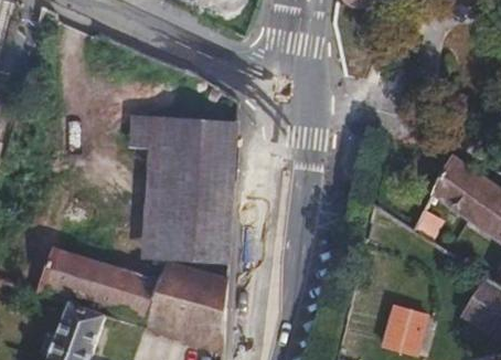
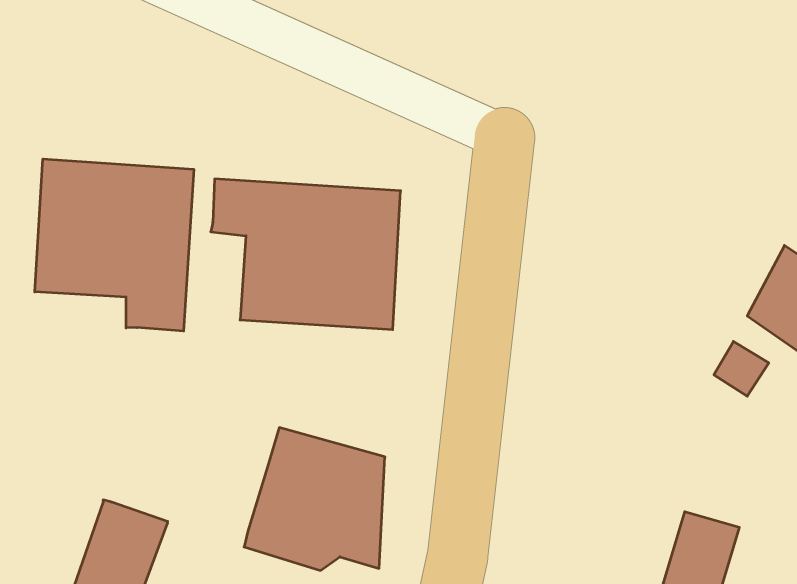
building: none -> [35,159,194,331]
building: [140,198,231,263] -> none
building: [32,246,160,317] -> none

